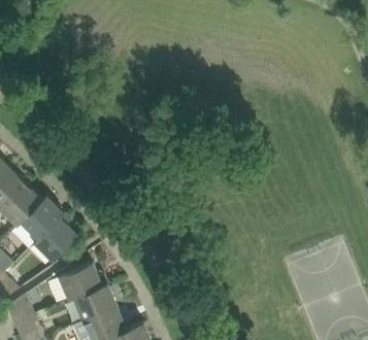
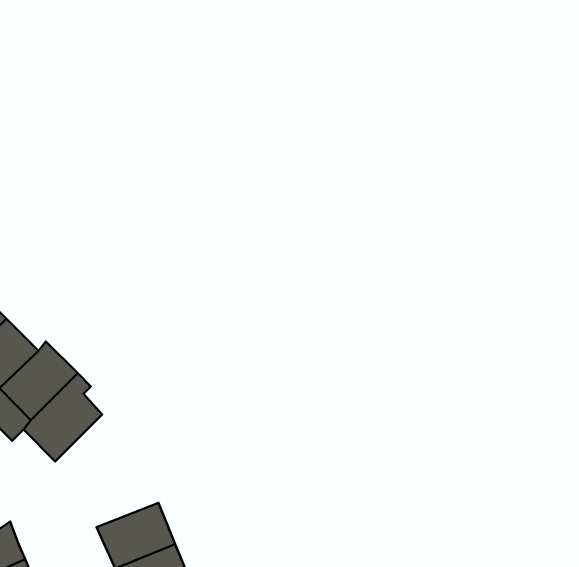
building: [58,263,107,301] -> none

